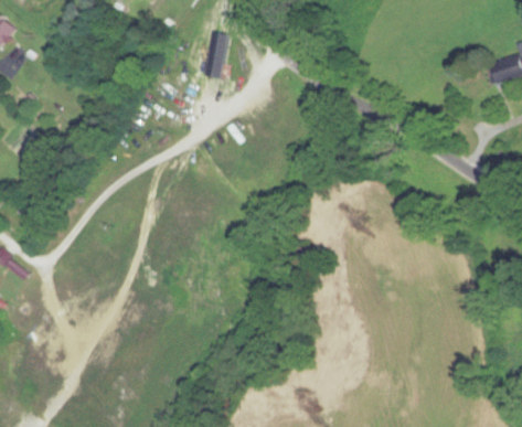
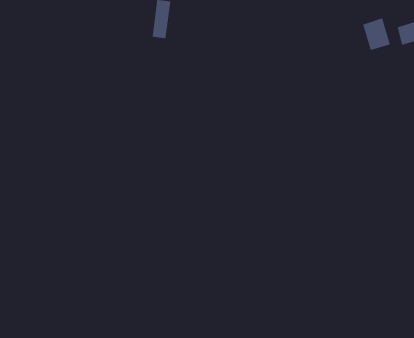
building: none -> [363,18,391,51]

